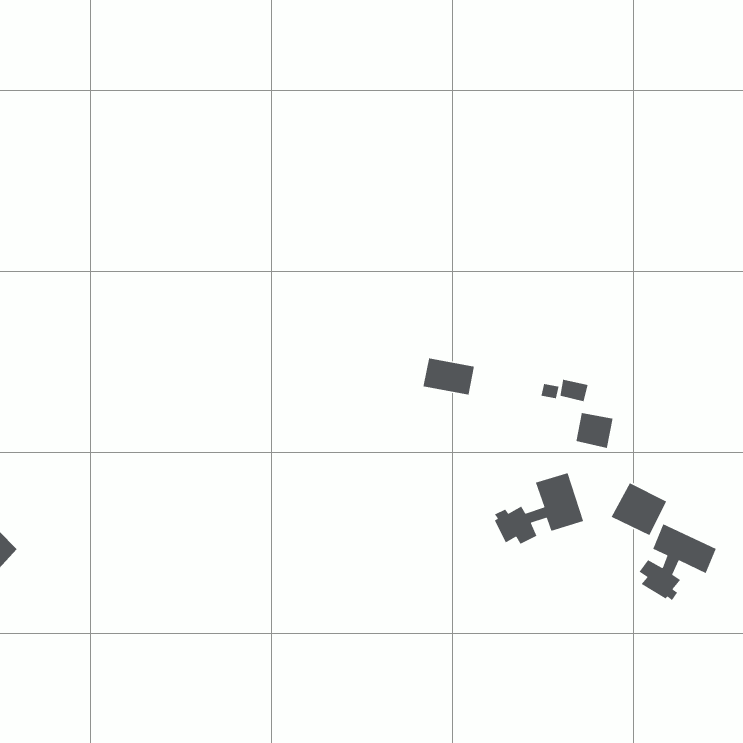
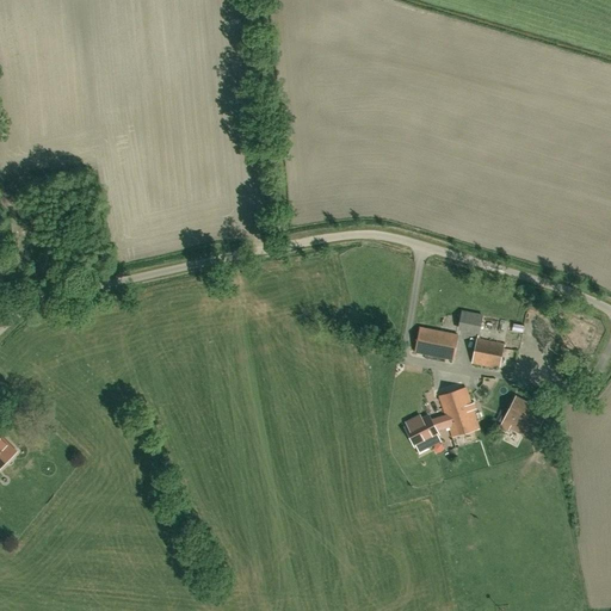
building: [423,358,475,395] -> [414,327,457,358]
building: [639,523,717,601] -> none

